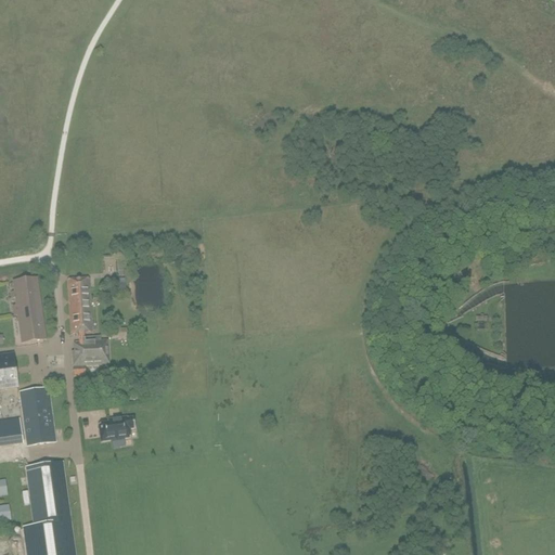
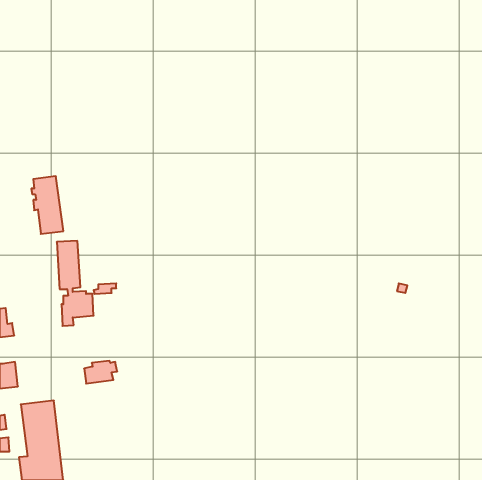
building: [9,275,46,341] -> [31,176,63,234]
building: [17,385,55,446] -> none

